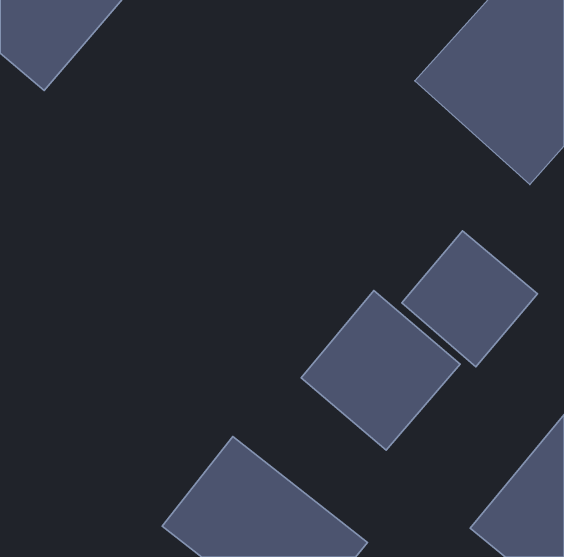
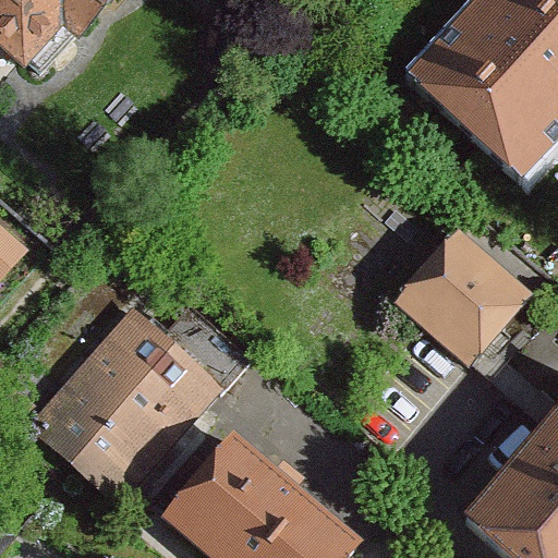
building: [301,291,460,450] -> none
building: none -> [32,312,218,502]

